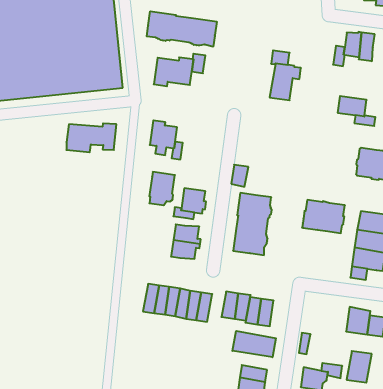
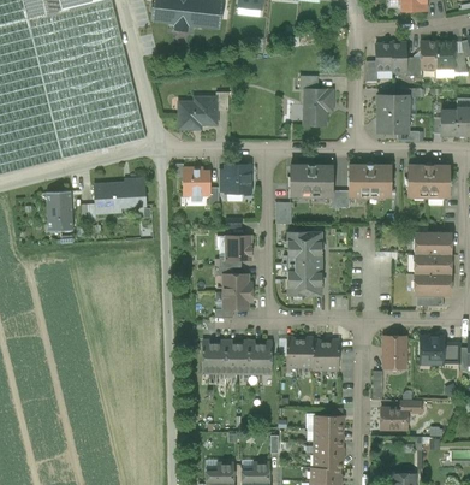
building: [147,11,217,47] -> none
building: none -> [375,95,406,113]
building: none -> [46,190,72,230]
building: none -> [288,164,332,195]
building: [149,172,175,205] -> [225,165,250,199]
building: [302,200,345,233] -> [347,164,391,195]
building: [232,331,276,357] -> none
building: [347,351,372,383] -> [382,336,405,367]

